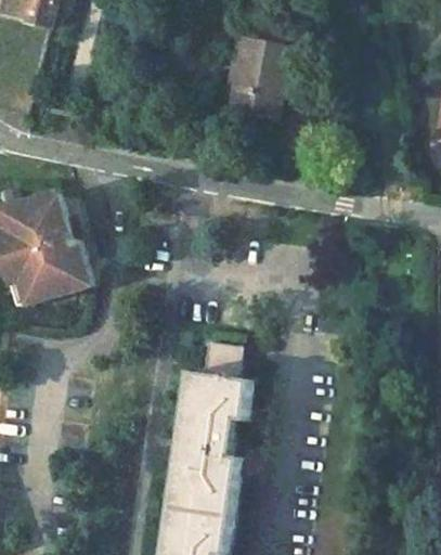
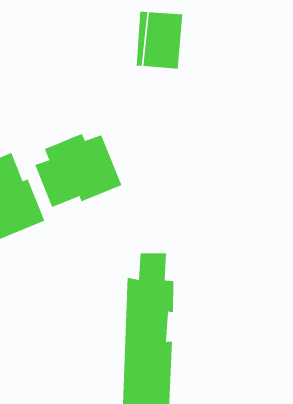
building: none -> [35,133,122,208]

